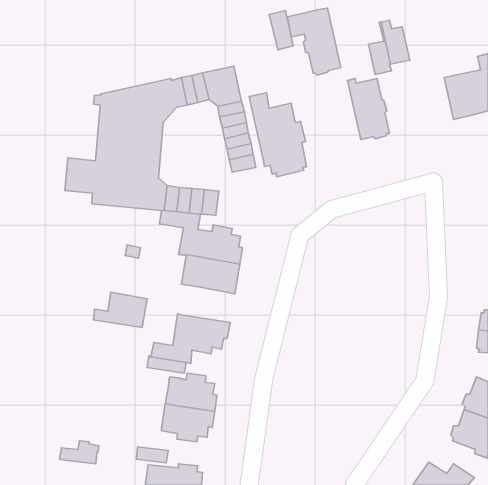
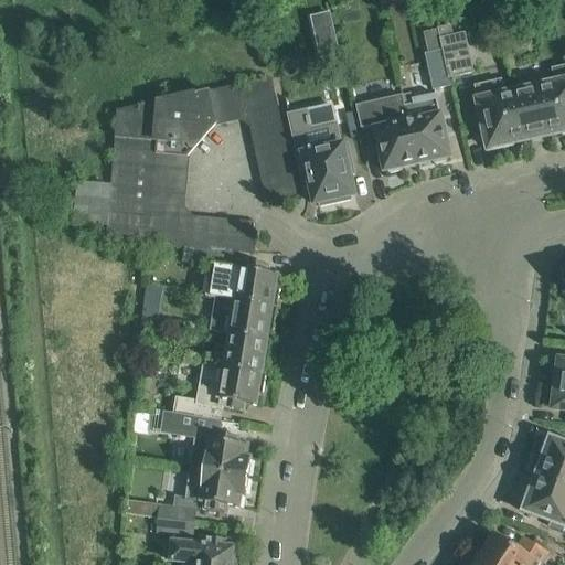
building: [287,8,341,75] -> [355,93,417,170]
building: none -> [475,76,524,146]
building: [94,292,147,327] -> [210,331,271,372]
building: [60,441,99,464] -> [152,493,198,520]

